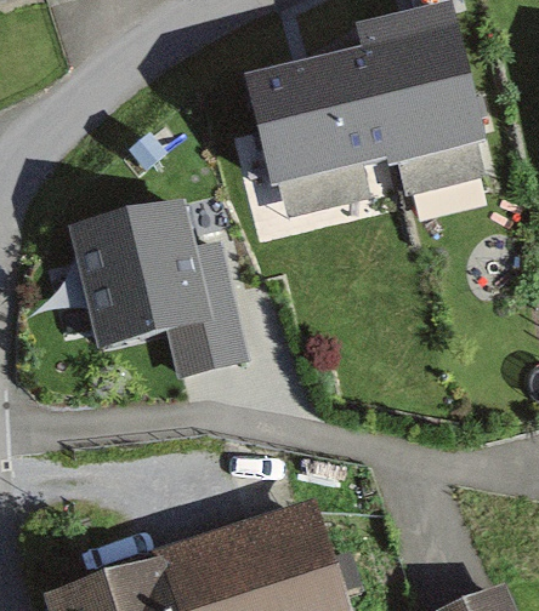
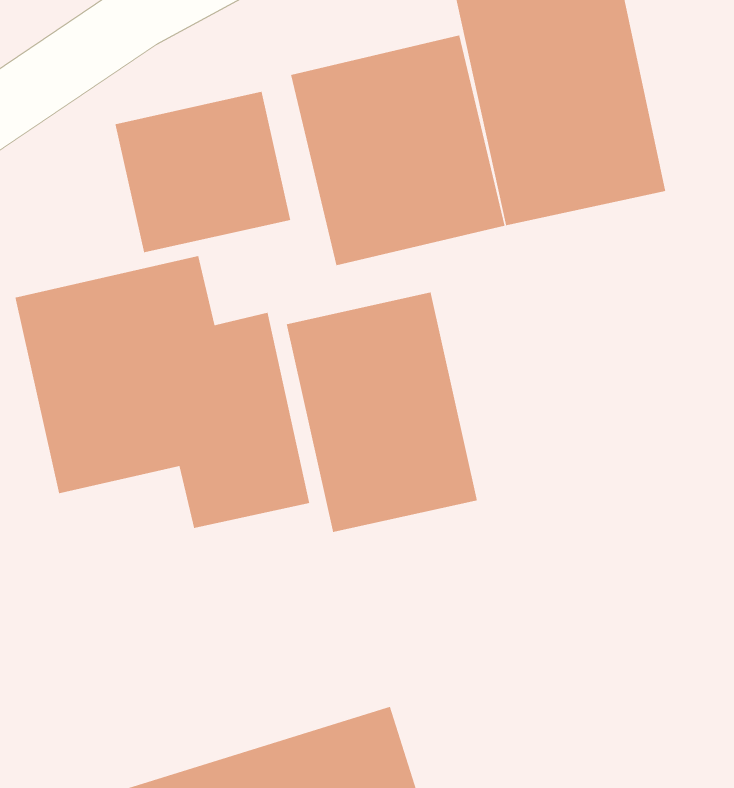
building: none -> [114,91,291,253]
building: none -> [286,292,478,533]

